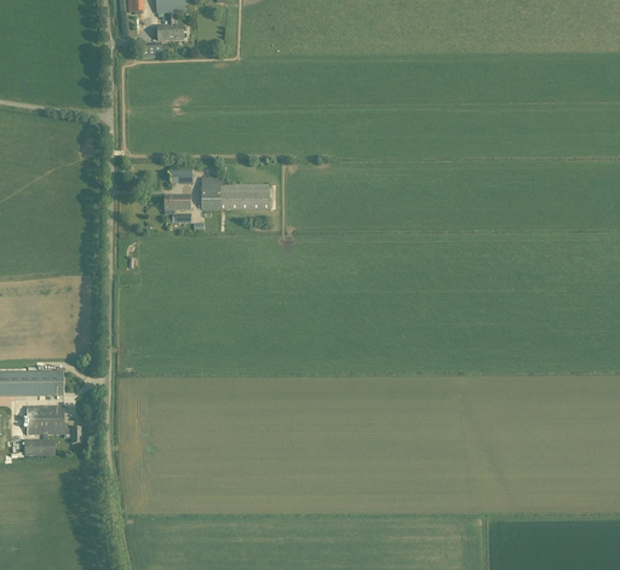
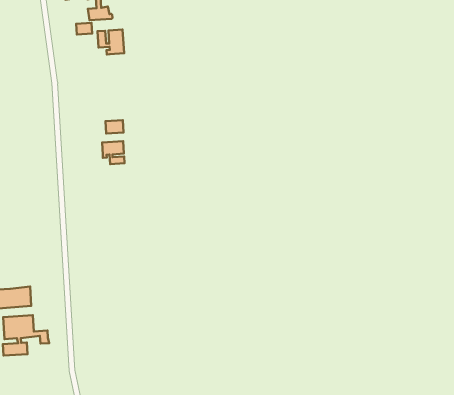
building: none -> [98,30,124,54]
building: [201,178,268,209] -> none

